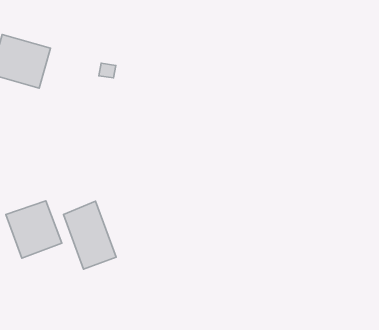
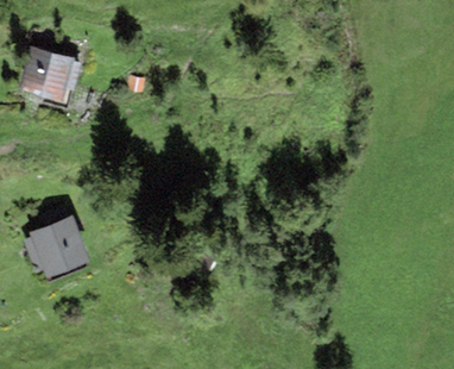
building: [63,201,116,269] -> none

